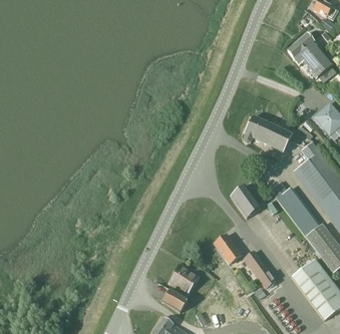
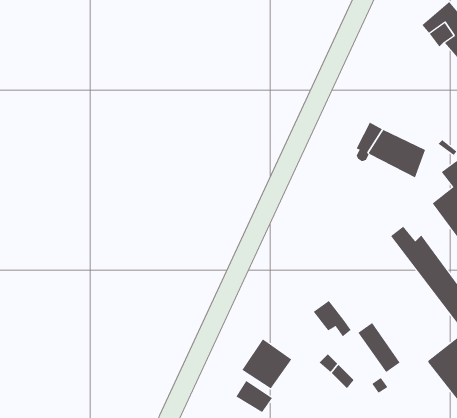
building: [231,185,260,218] -> none

